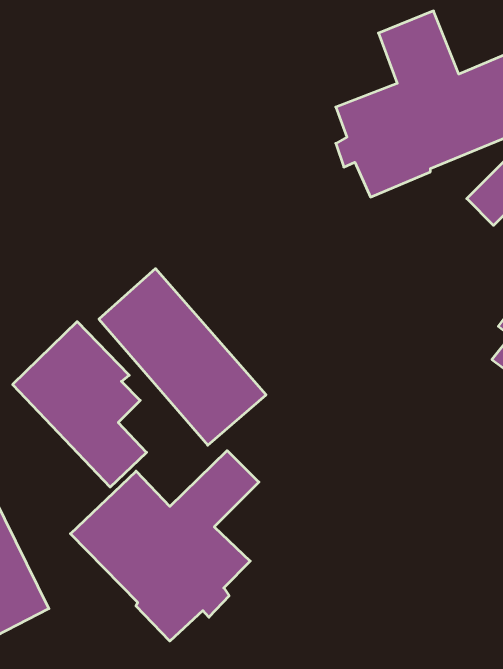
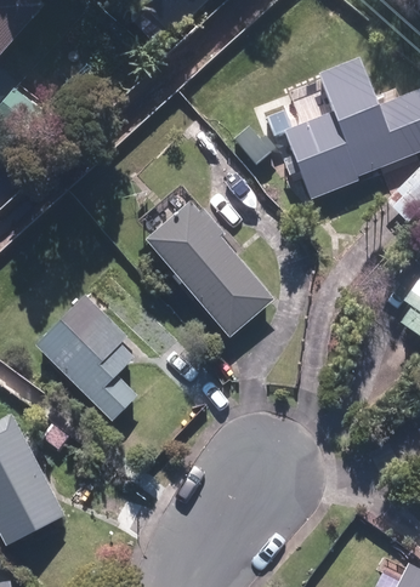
building: [99,269,266,445] -> [147,201,276,337]
building: [70,451,259,641] -> none

